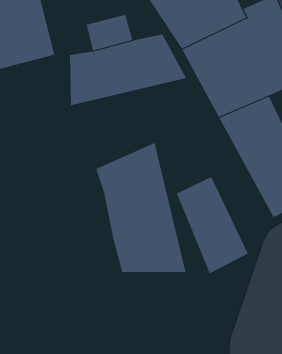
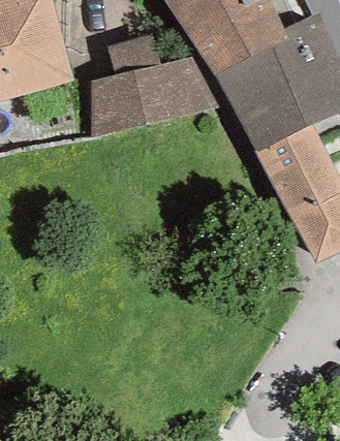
building: [96,142,186,273] -> none
building: [176,176,249,274] -> none

